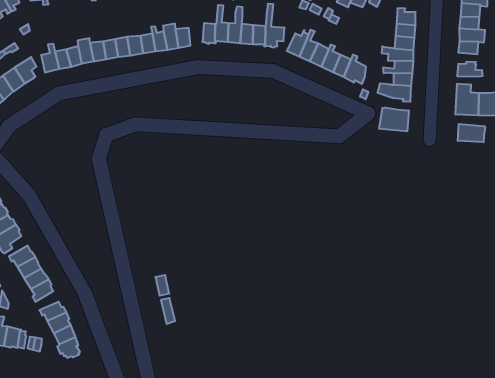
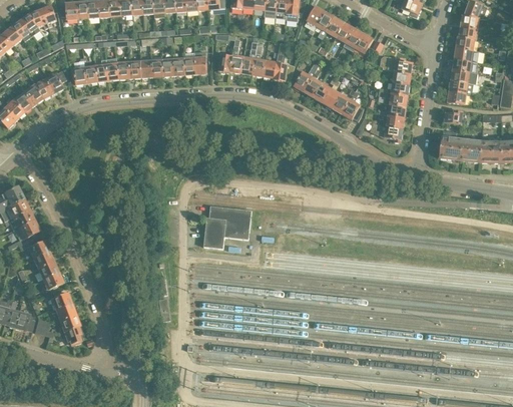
building: [379,107,409,131] -> none
building: [458,124,485,142] -> none
building: none -> [203,205,251,248]

